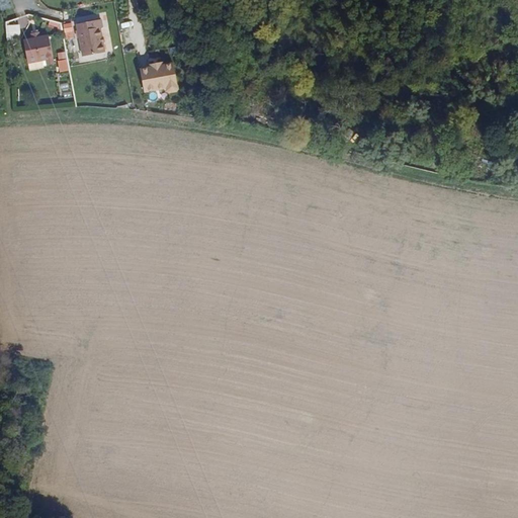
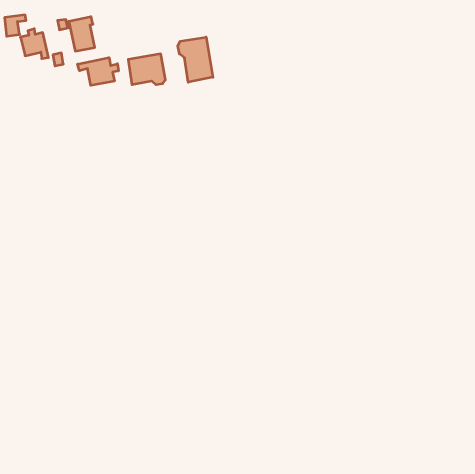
building: none -> [178,37,213,82]
building: none -> [78,58,118,85]

